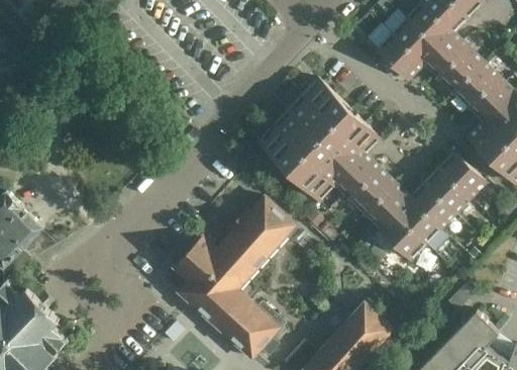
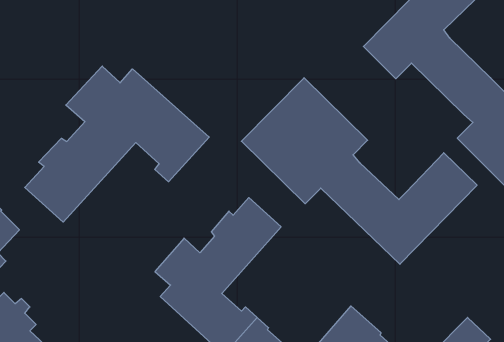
building: none -> [25,66,209,222]

